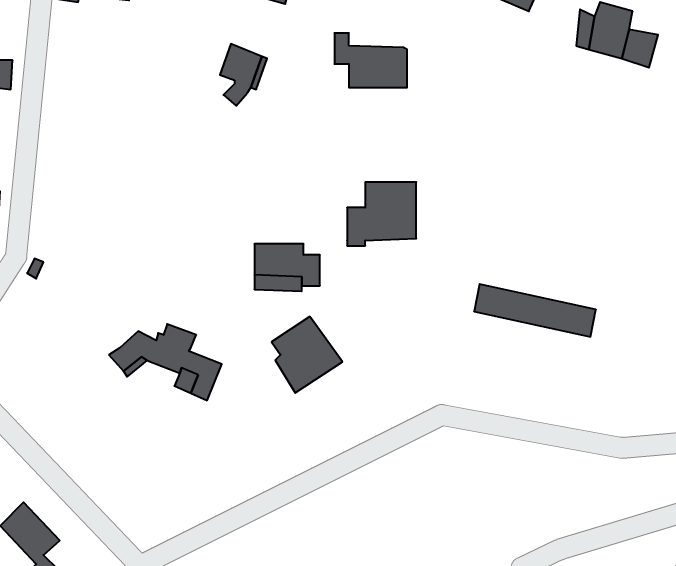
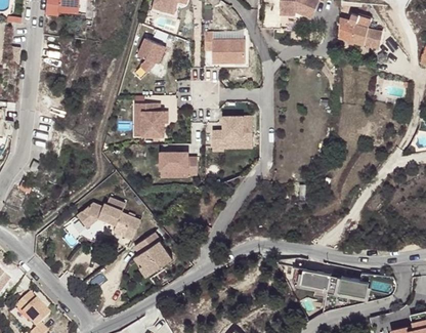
building: none -> [131,101,161,134]
building: [474,284,596,337] -> [302,269,371,299]
building: [272,317,342,393] -> [133,232,173,275]

